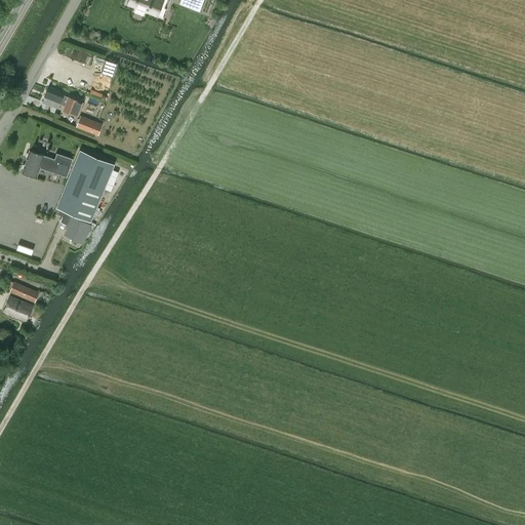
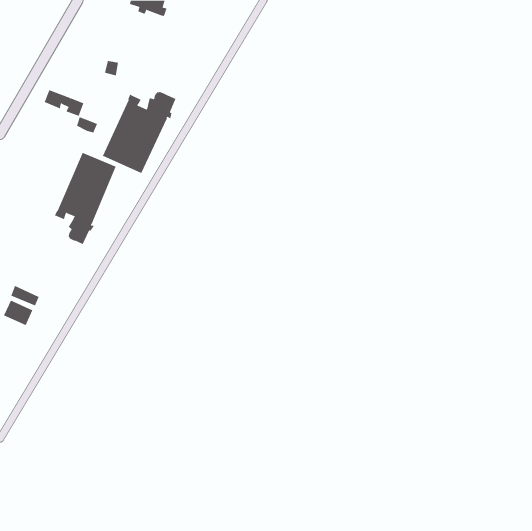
building: none -> [102,91,176,174]
building: [23,151,72,176] -> none

